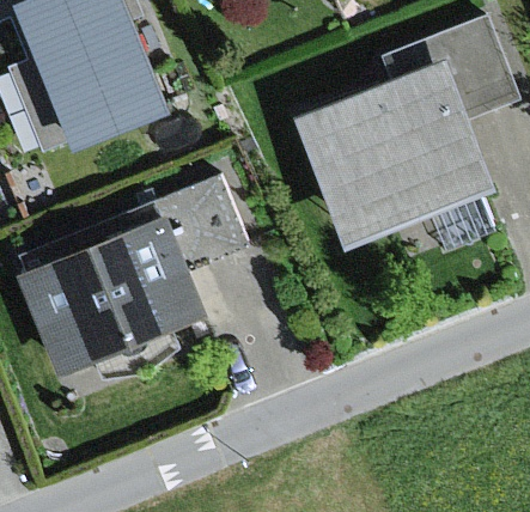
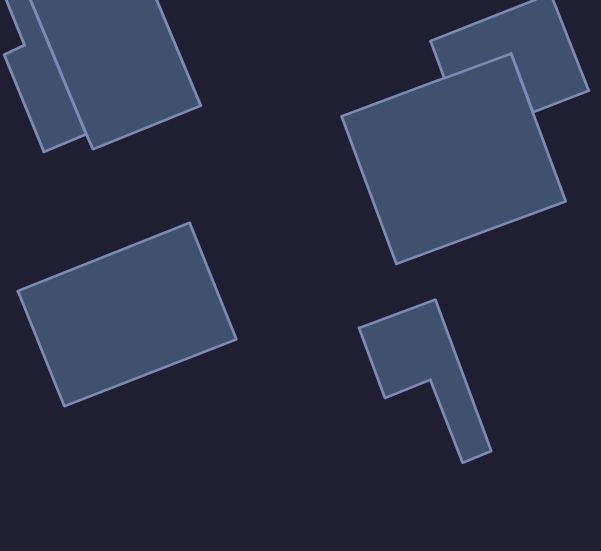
building: [92,171,248,269] -> none
building: none -> [359,300,491,463]

